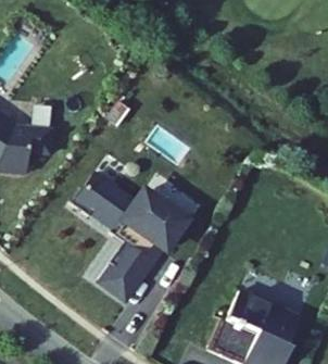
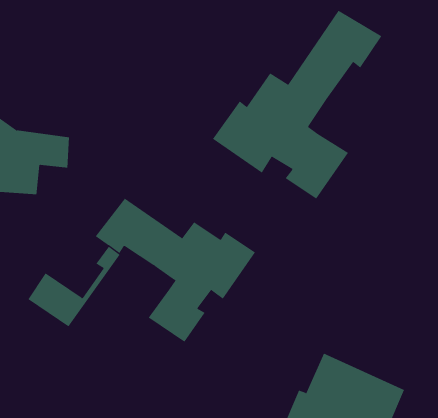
building: none -> [212,10,382,199]
building: [97,243,165,303] -> [27,246,120,327]

